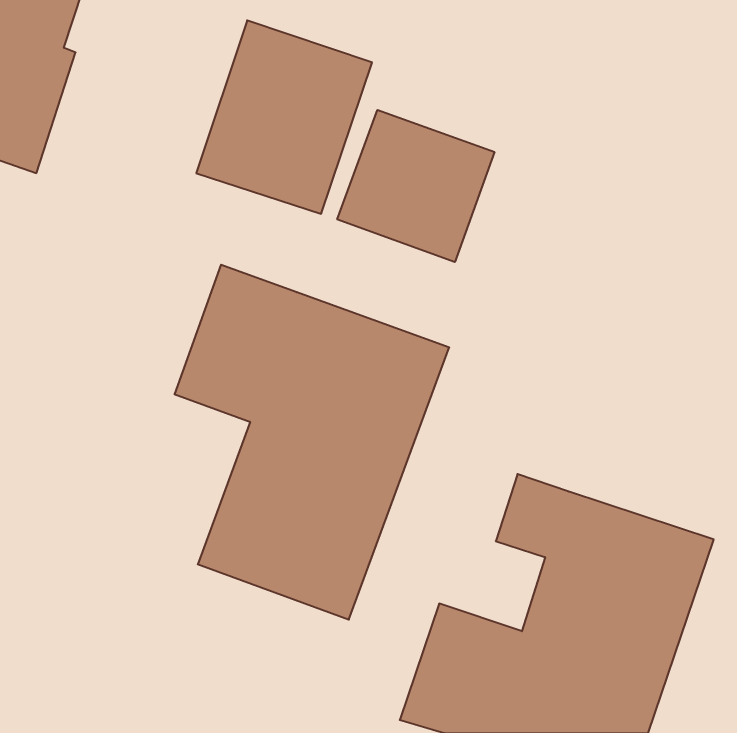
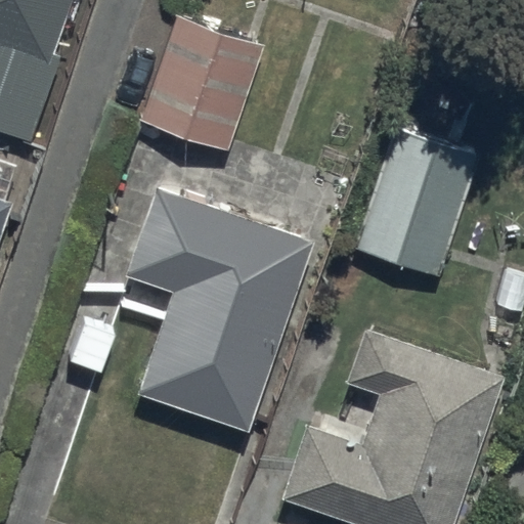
building: [337,110,494,262] -> none
building: none -> [359,131,479,277]

